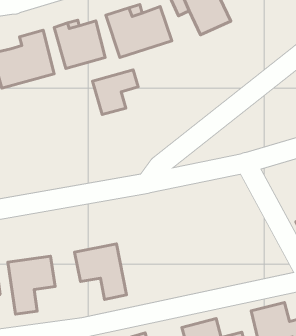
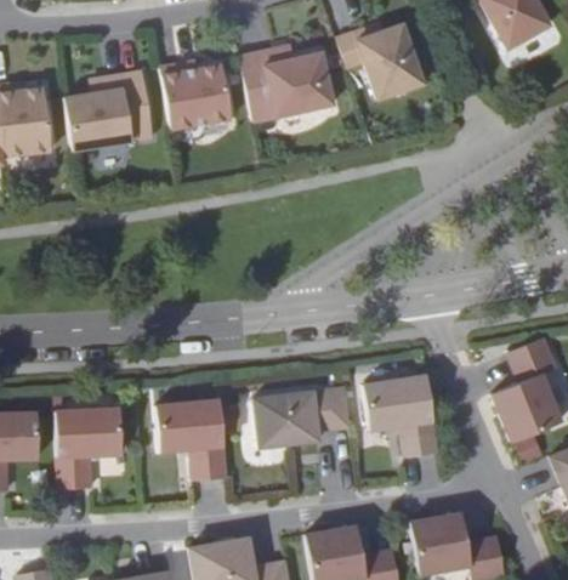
building: [92,70,138,115] -> none
building: none -> [364,375,439,457]
building: none -> [255,387,351,448]

